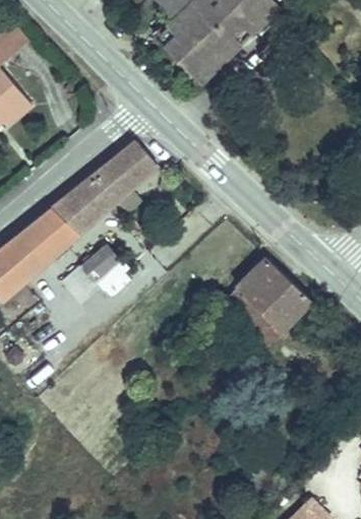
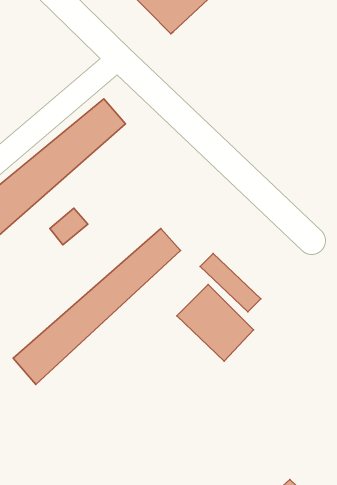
building: [238,258,310,330] -> [177,284,254,361]
building: none -> [13,229,180,385]

